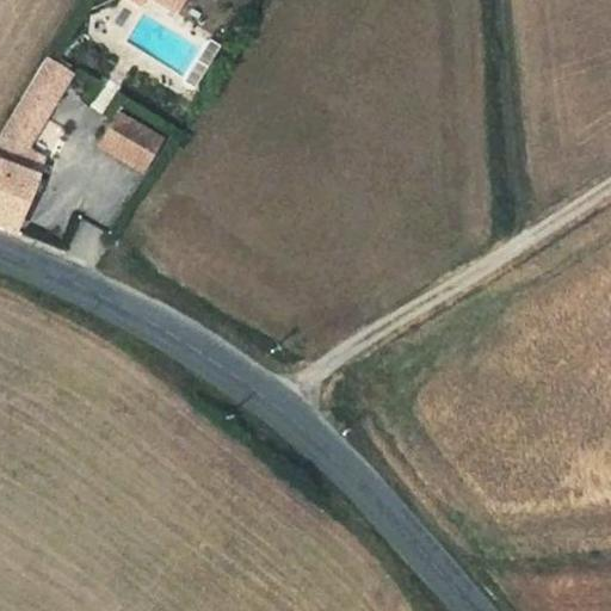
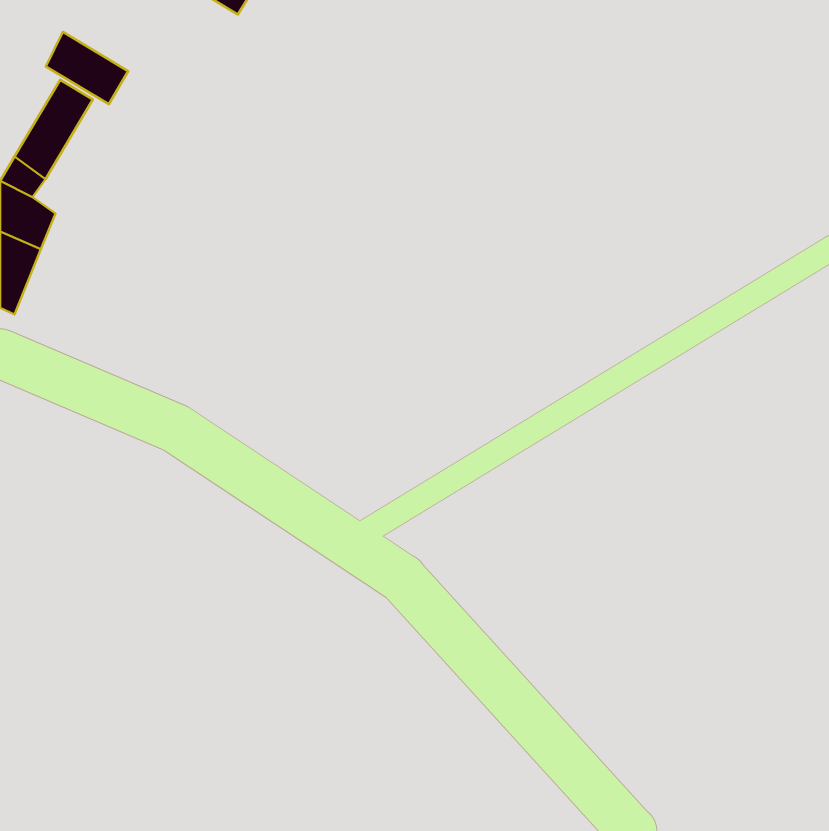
building: none -> [46,32,128,104]
building: [101,115,162,171] -> none

